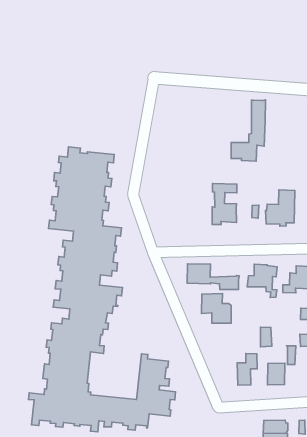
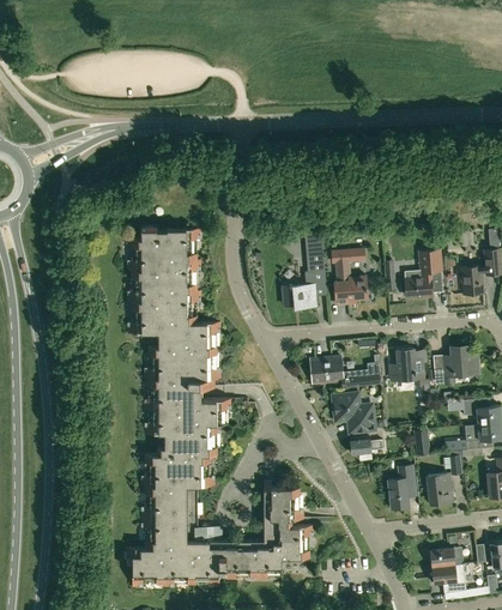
building: [231,100,265,161] -> [283,225,326,307]
building: none -> [350,436,382,460]

